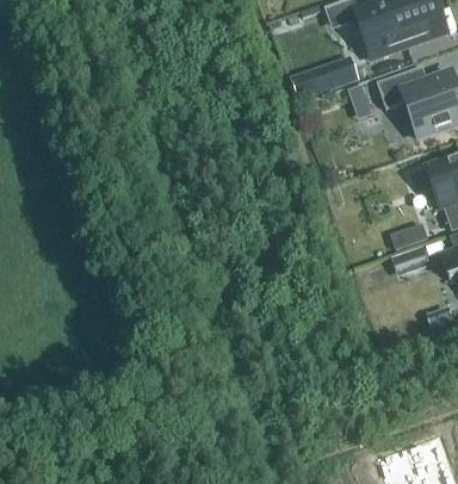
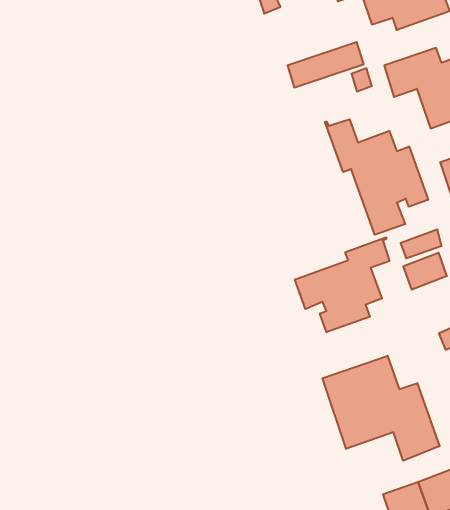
building: none -> [325,119,428,235]
building: none -> [295,237,389,332]
building: none -> [322,356,440,461]

